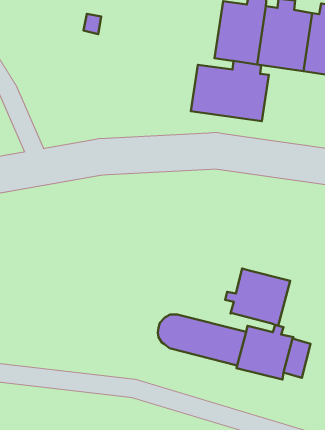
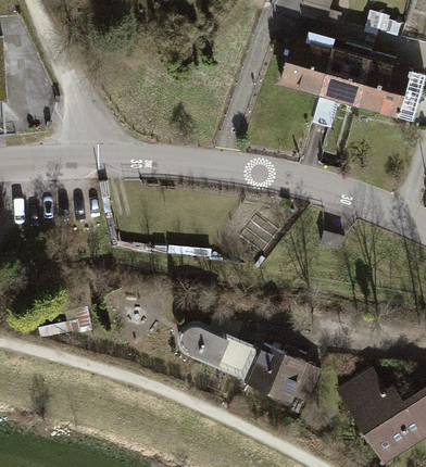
building: [191,61,269,121] -> none
building: [225,268,290,326] -> none

